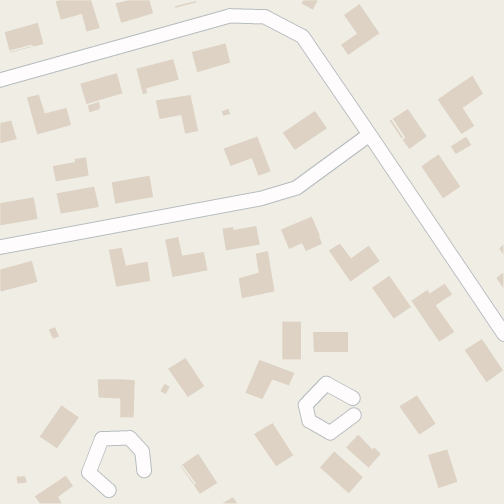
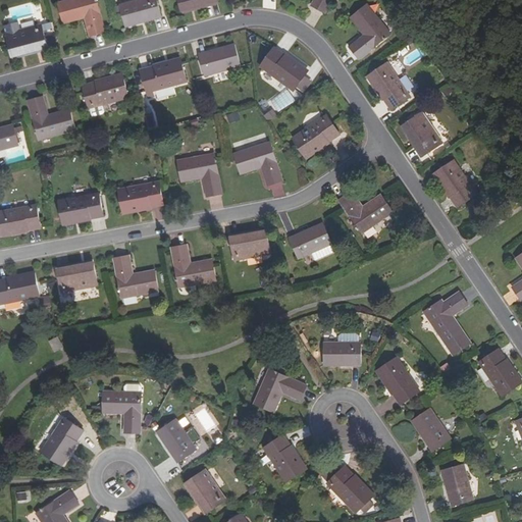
building: none -> [259,47,306,90]
building: none -> [367,61,410,108]
building: [437,74,484,135] -> none
building: [155,94,199,135] -> [174,153,220,195]
building: [52,157,89,182] -> none
building: [327,242,381,283] -> [337,191,393,232]
building: [238,250,276,299] -> none
building: none -> [55,264,95,291]
building: [371,274,412,320] -> [376,356,419,403]
building: [282,321,302,360] -> none
building: [167,357,205,398] -> [156,418,196,461]
building: [345,434,381,468] -> none

